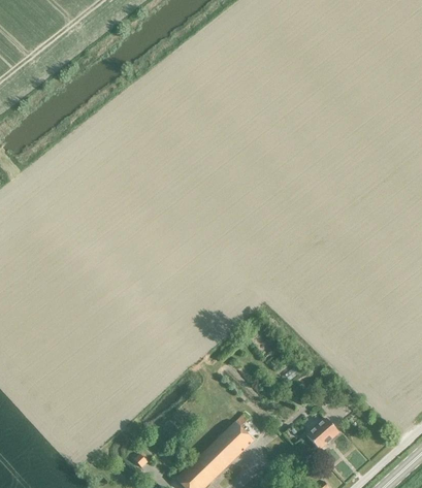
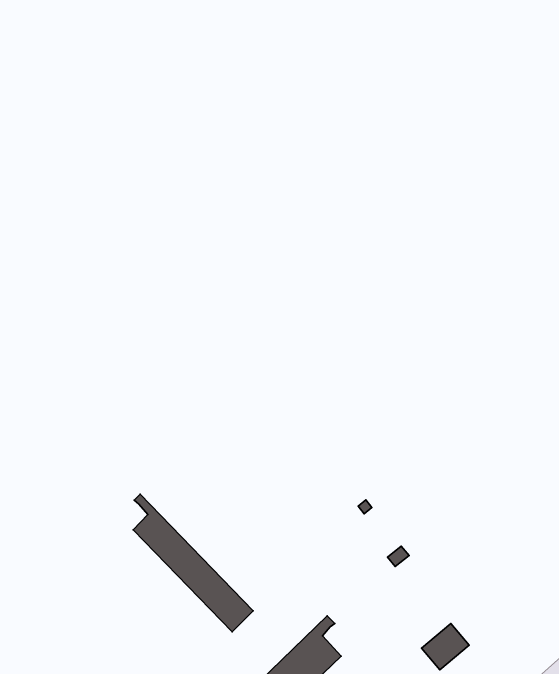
building: none -> [133,494,253,632]

